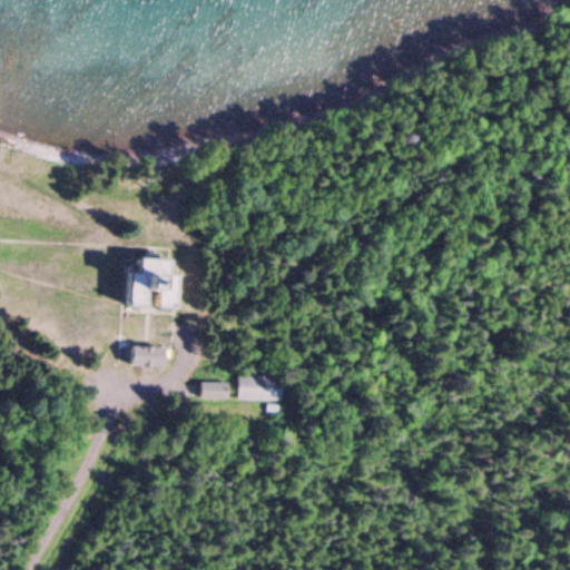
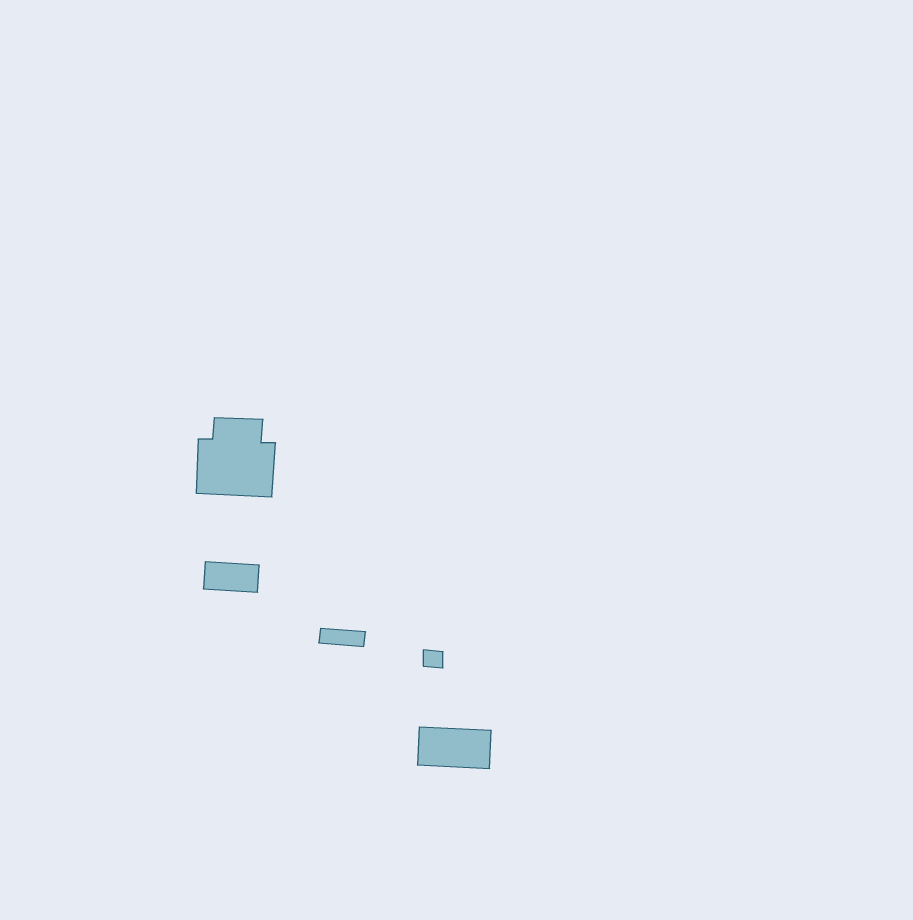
building: [237,375,283,401] -> [417,727,491,768]

